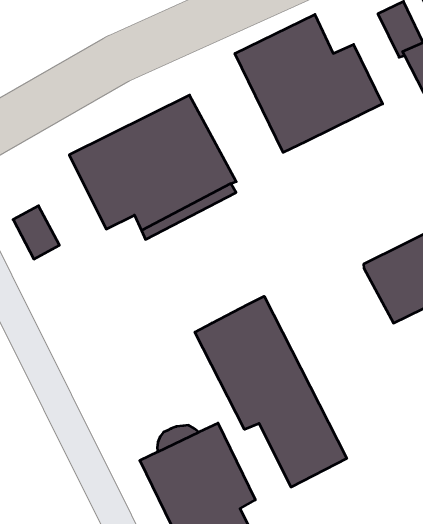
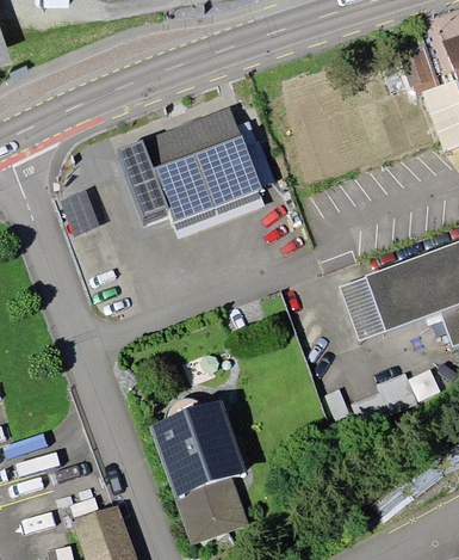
building: [235,14,383,152] -> none
building: none -> [341,278,386,339]
building: [195,296,347,487] -> none

